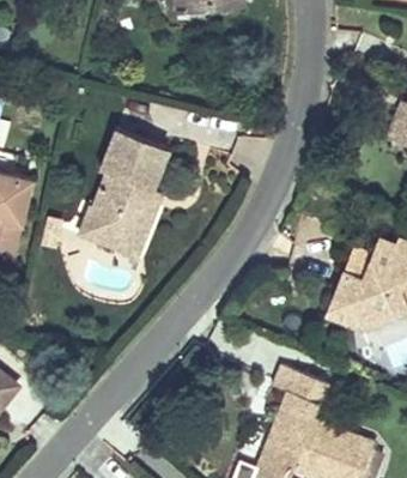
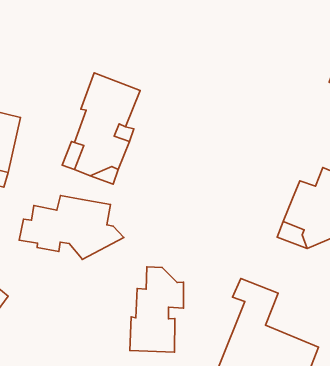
building: none -> [19,195,124,259]
building: none -> [130,267,184,352]

